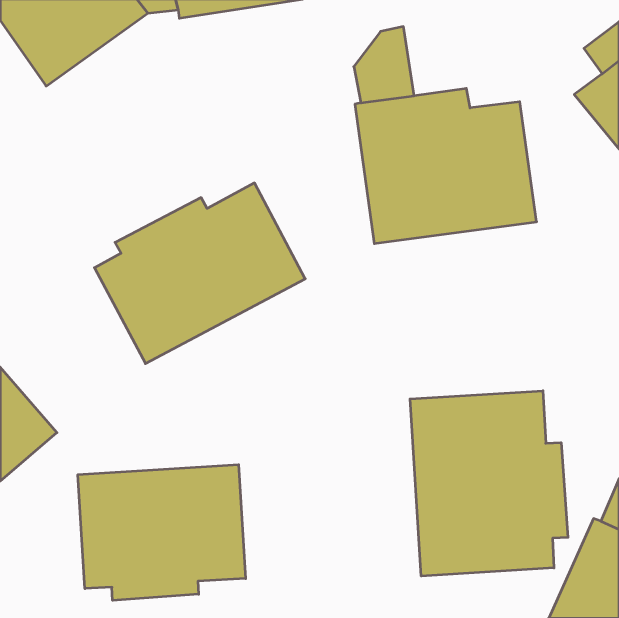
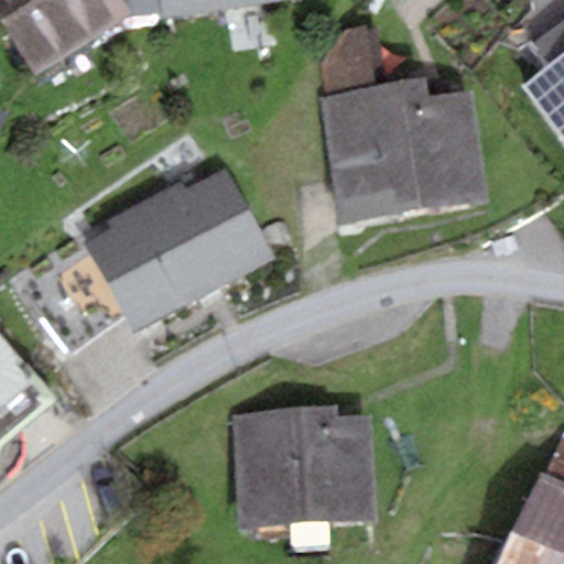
building: [410,391,568,576] -> none
building: none -> [230,404,378,529]
building: [78,465,246,600] -> none

